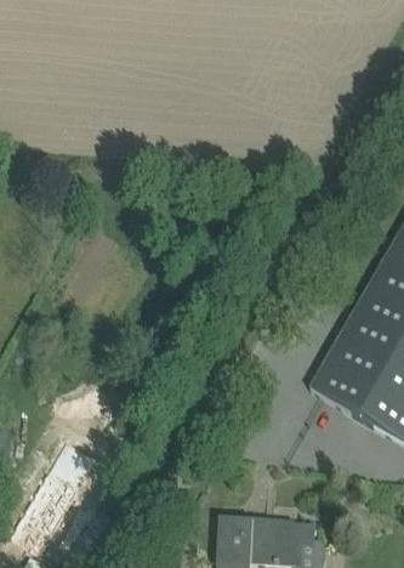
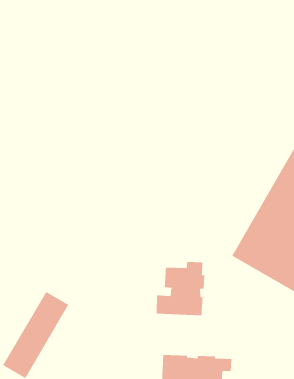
building: none -> [156,261,205,316]

